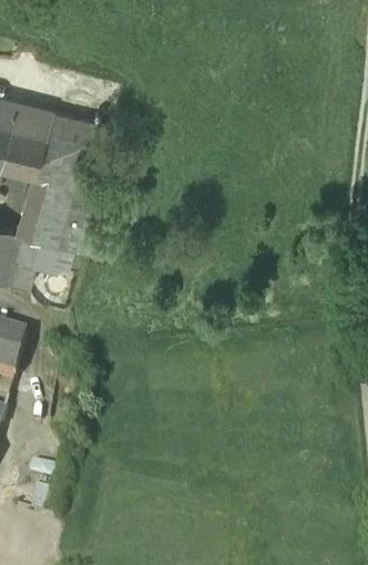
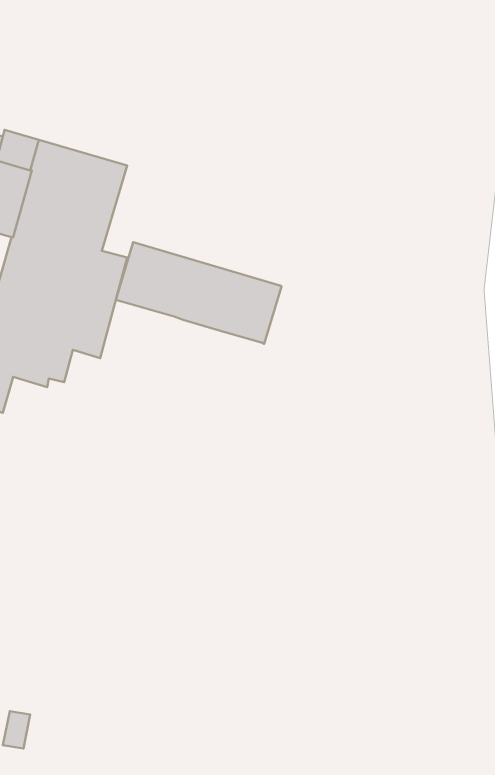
building: none -> [116,242,281,344]

